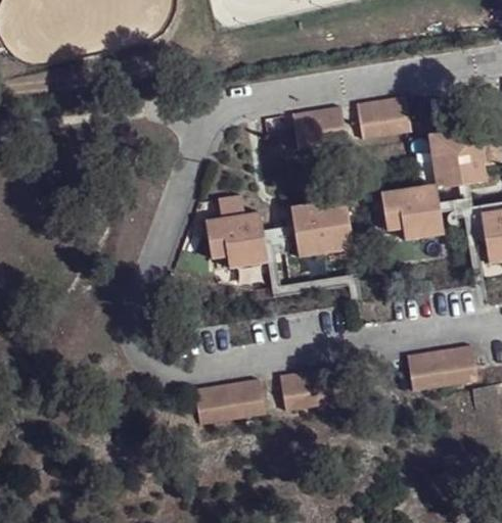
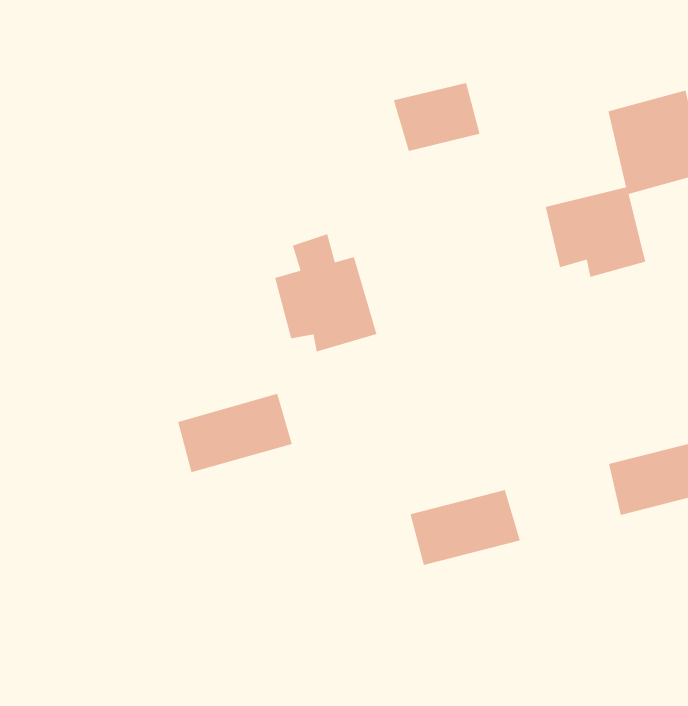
building: [363,98,415,139] -> none
building: [295,182,359,257] -> none
building: [194,379,266,424] -> [177,393,293,473]

